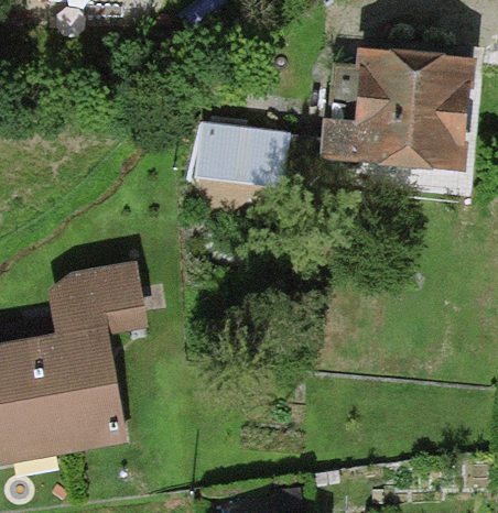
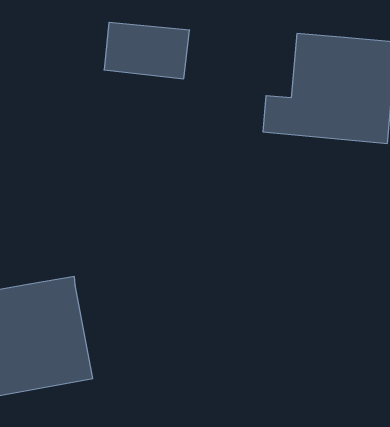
building: [193,121,290,185] -> [104,22,190,79]
building: [46,262,148,334] -> none

